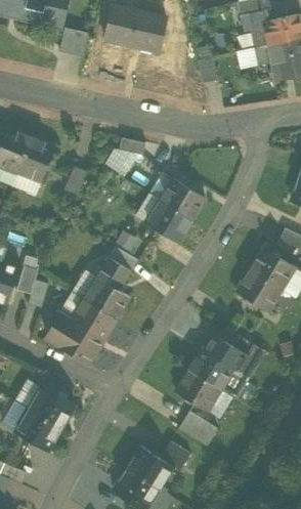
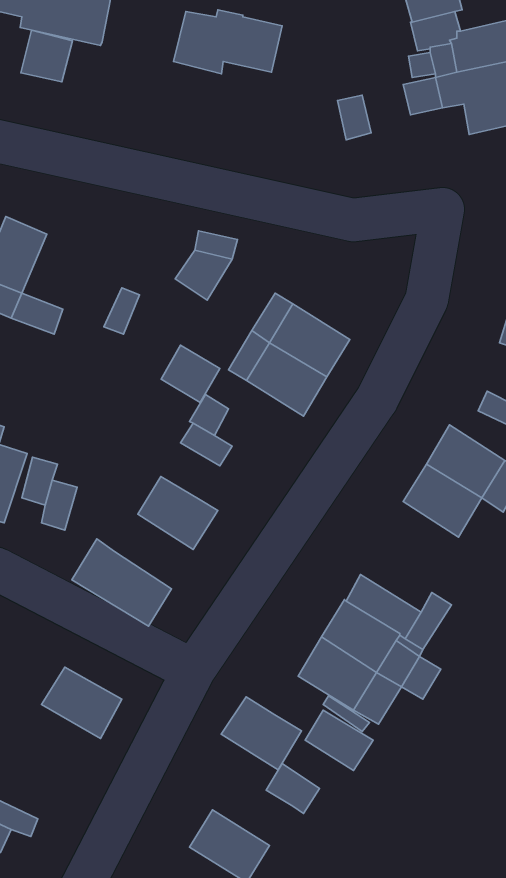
building: [58,27,88,56] -> [21,30,72,82]
building: [16,137,53,180] -> none
building: [96,257,130,290] -> [161,345,220,402]
building: [70,298,116,341] -> none
building: [15,408,61,450] -> none
building: [126,447,172,489] -> [221,697,301,770]

